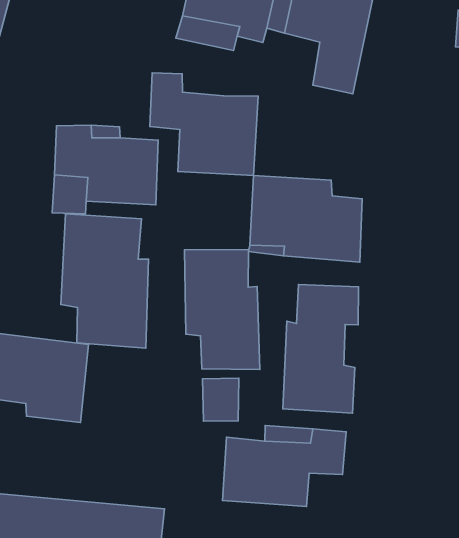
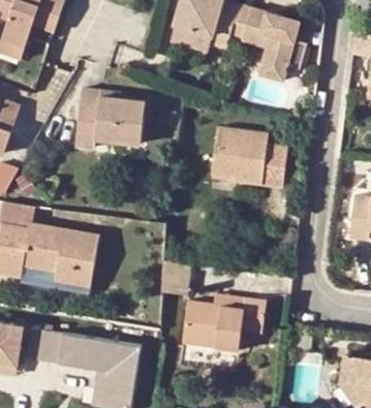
building: [150,73,258,175] -> none
building: [61,214,149,348] -> none
building: [185,249,260,369] -> none
building: [283,284,359,413] -> none

